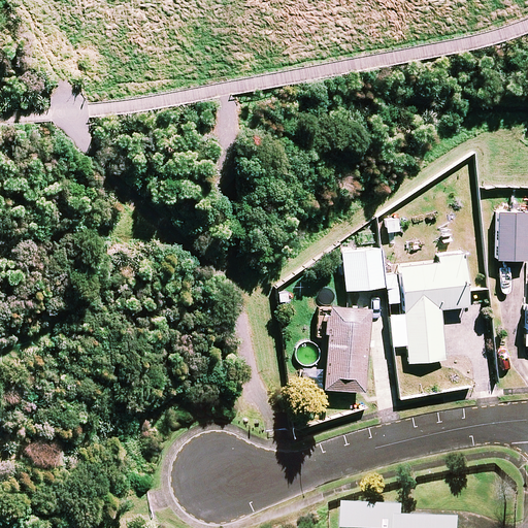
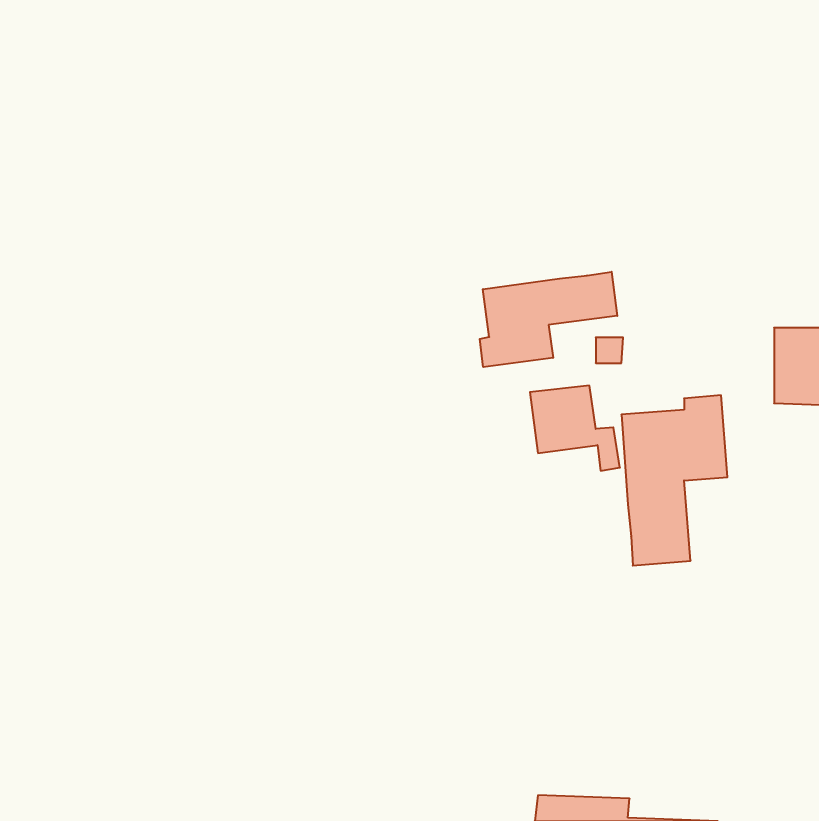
building: none -> [480,272,617,367]
building: [324,304,374,391] -> none

